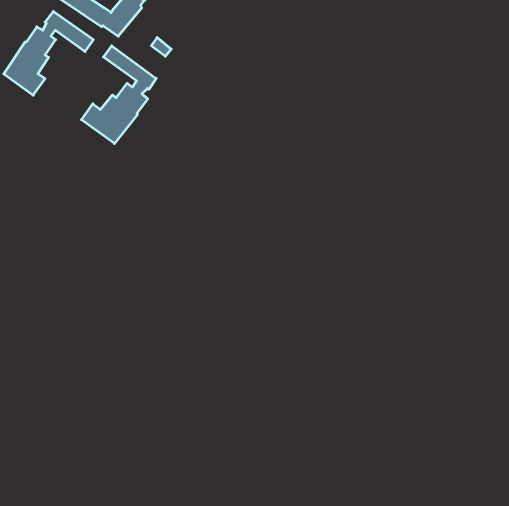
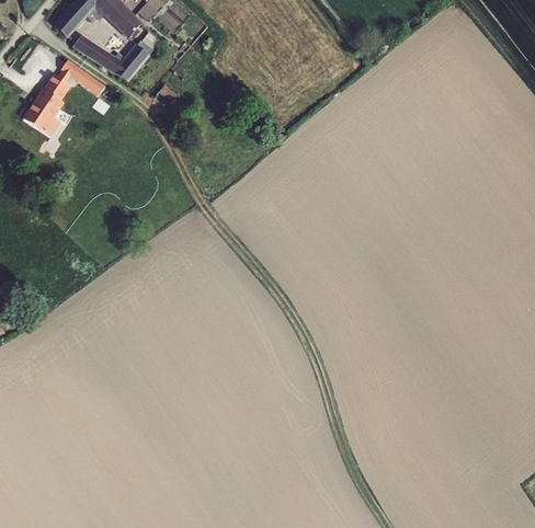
building: [81,46,156,144] -> none

